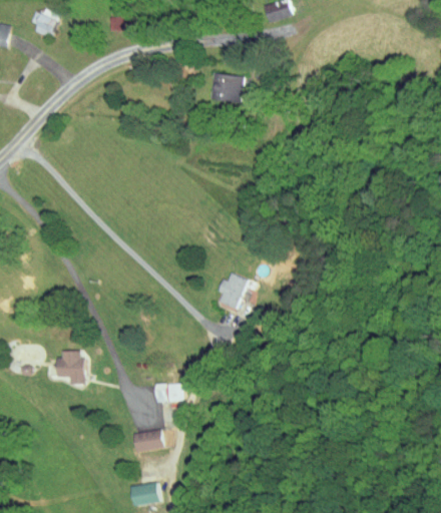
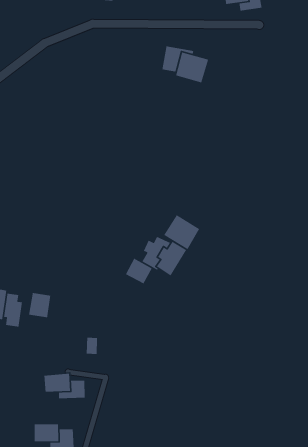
building: none -> [163,214,200,250]
building: none -> [125,257,153,285]
building: none -> [28,292,51,318]

